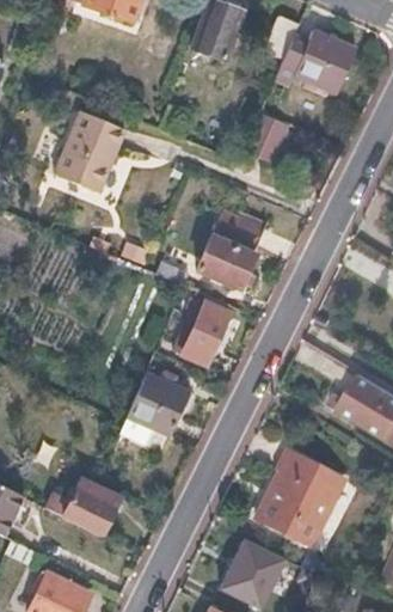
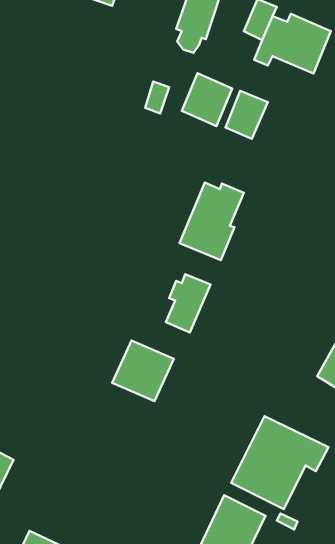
building: none -> [182,73,232,126]
building: [53,112,123,195] -> none
building: [44,476,117,534] -> none

